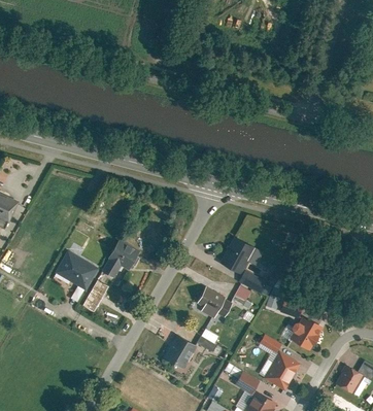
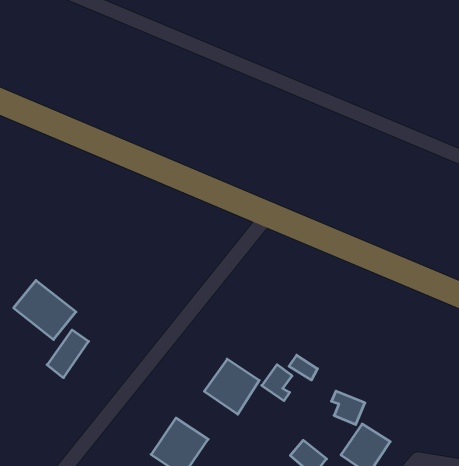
building: [102,238,142,279] -> none
building: [223,240,255,274] -> none

